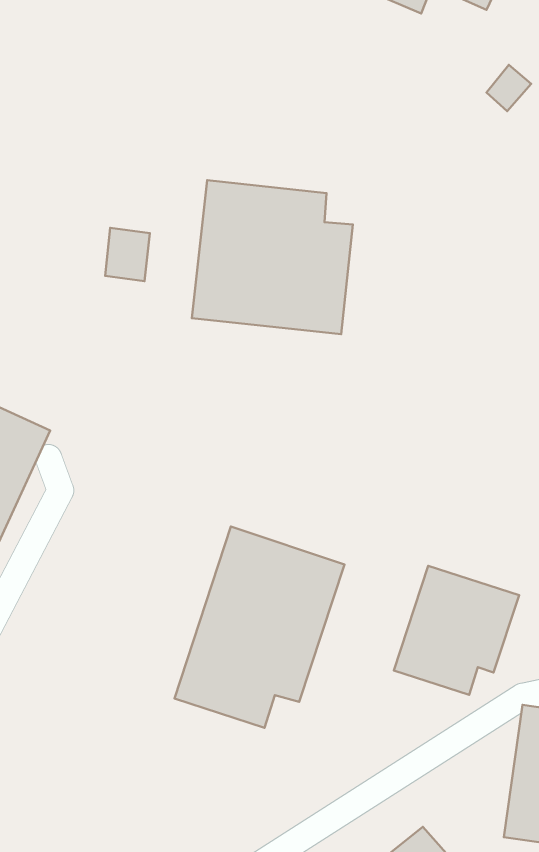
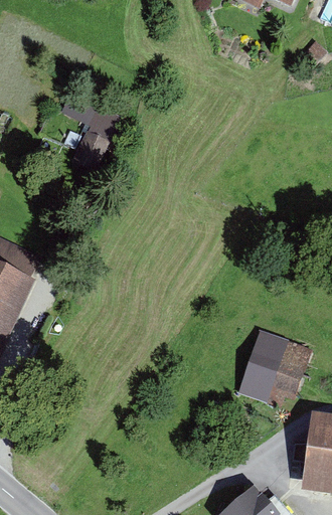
building: [192,180,353,334] -> none
building: [175,527,344,728] -> none

